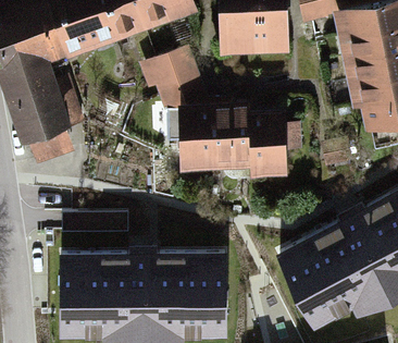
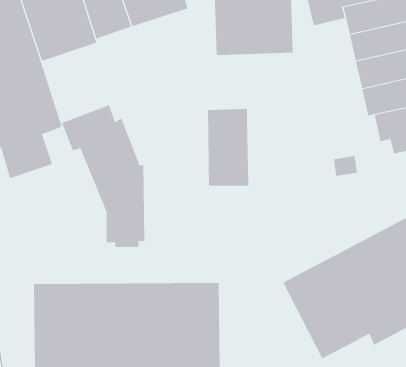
building: [139,50,213,176] -> [61,104,145,248]
building: [248,111,301,176] -> none

